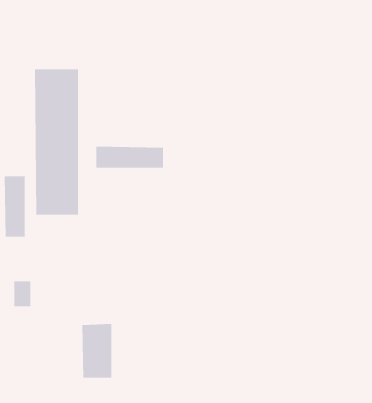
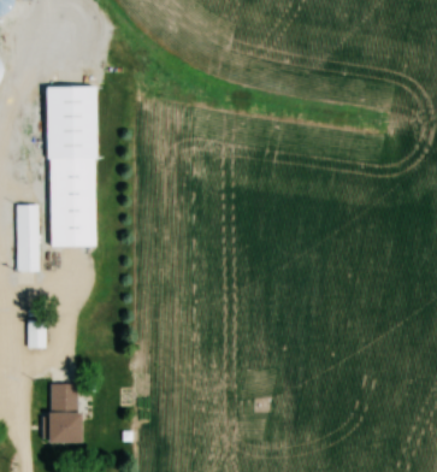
building: [96,146,164,168] -> none
building: [82,324,112,378] -> [48,383,82,443]

